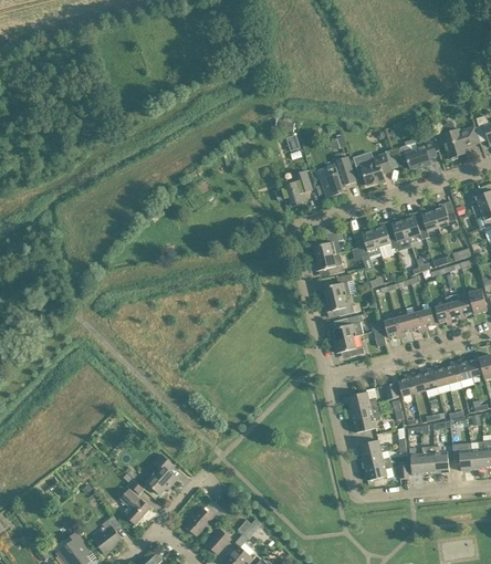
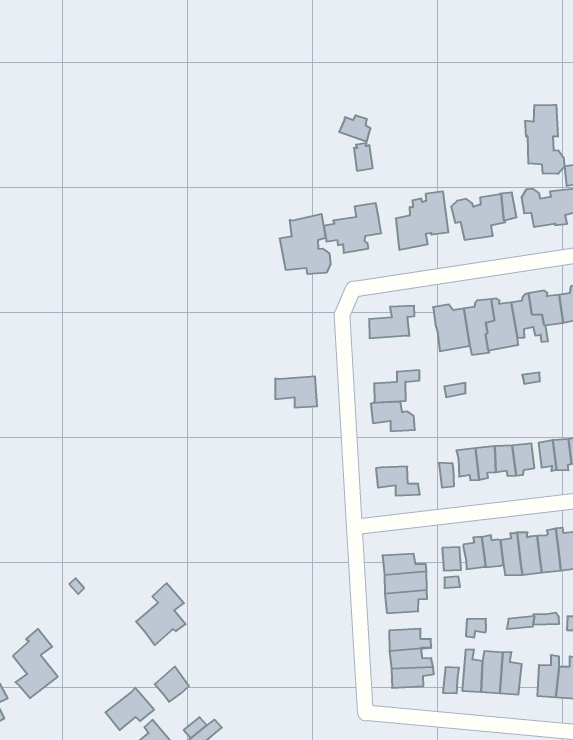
building: none -> [525,105,564,174]
building: none -> [280,214,330,274]
building: [313,252,343,274] -> [275,376,317,408]
building: [333,314,363,340] -> none
building: [145,453,177,494] -> [136,583,186,645]

